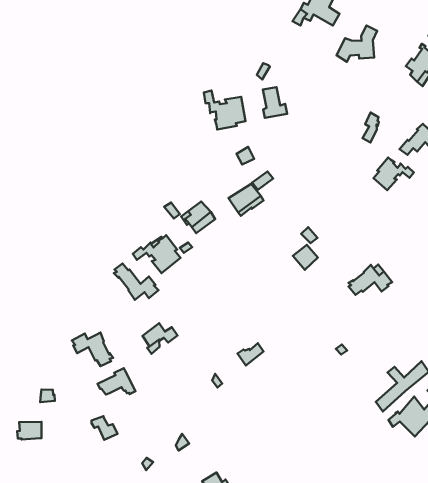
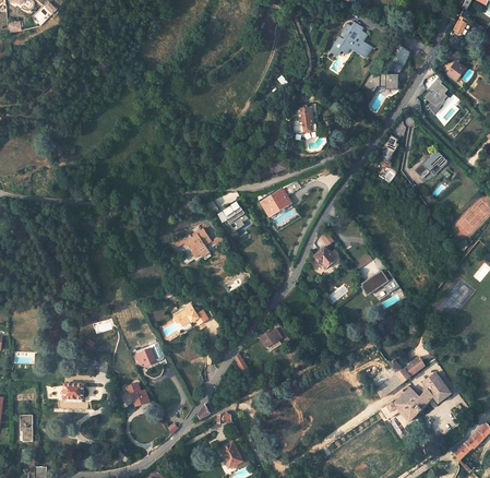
building: [204,91,245,129] -> none
building: [374,158,414,190] -> none
building: [114,264,158,300] -> none
building: [72,333,113,366] -> none

